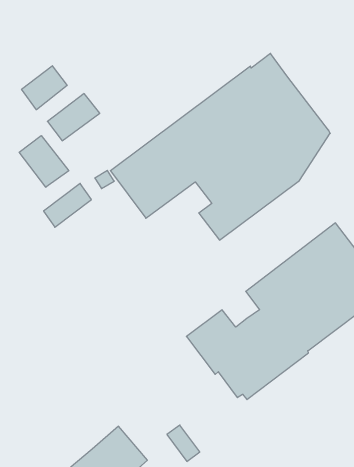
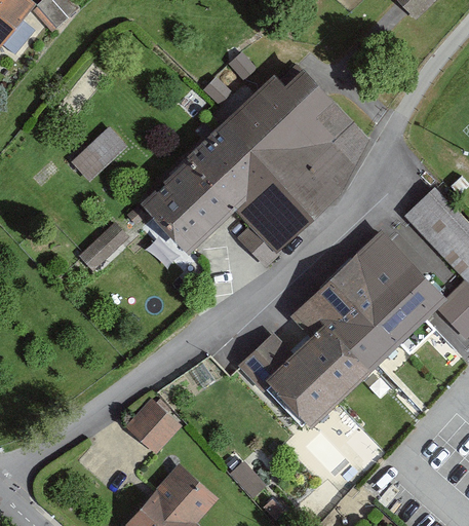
building: [22,66,67,110] -> none
building: [19,136,69,187] -> none
building: none -> [125,399,177,450]

